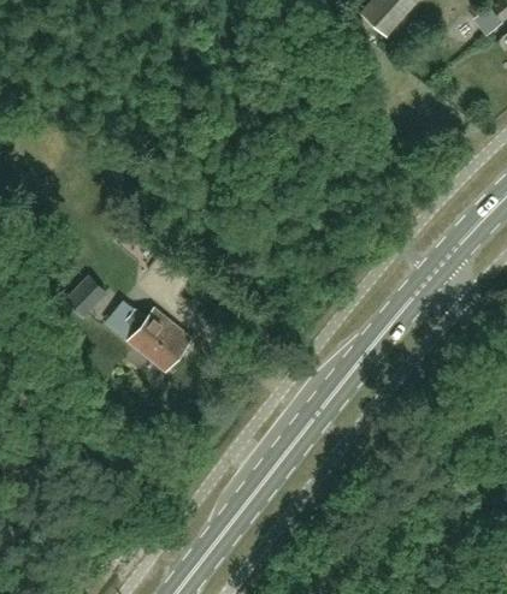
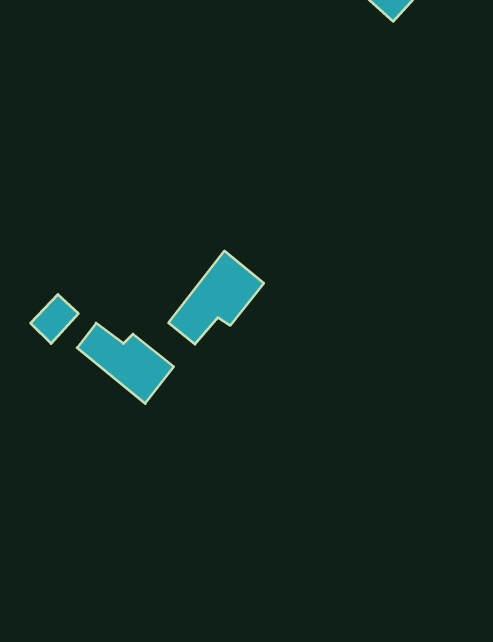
building: none -> [169,251,264,344]

